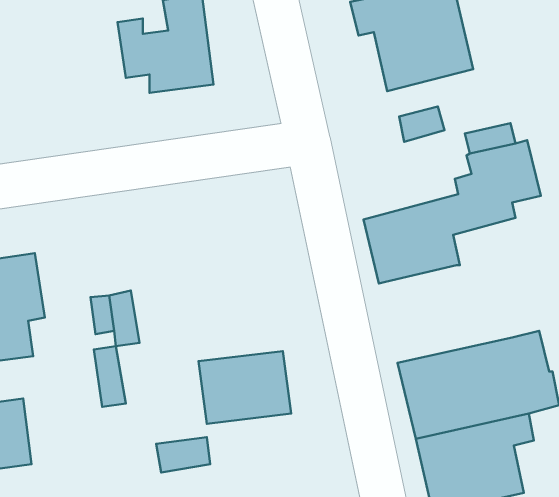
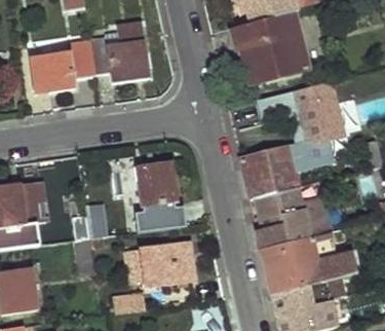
building: none -> [31,39,95,93]
building: none -> [124,160,192,218]
building: none -> [254,187,331,247]

